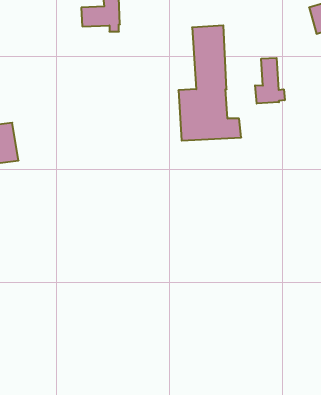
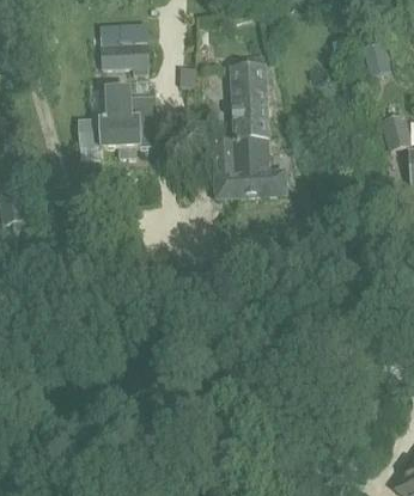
building: none -> [79,73,158,153]
building: [255,58,285,104] -> none

